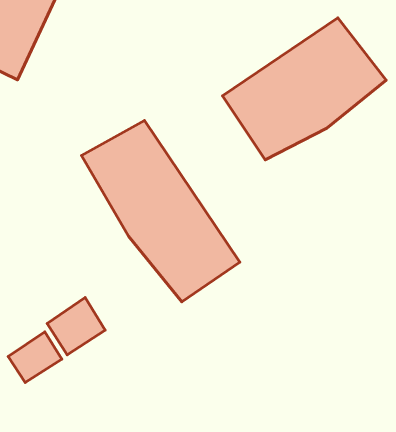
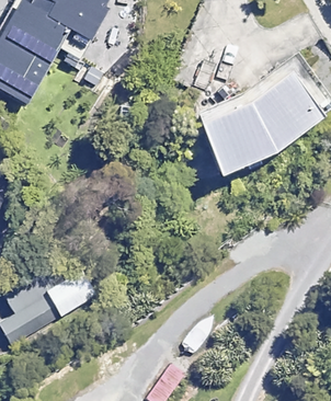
building: [81,121,240,302] -> none

